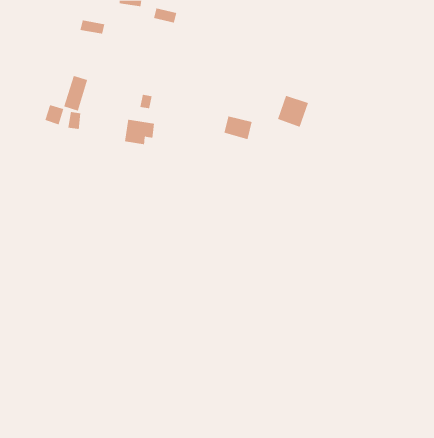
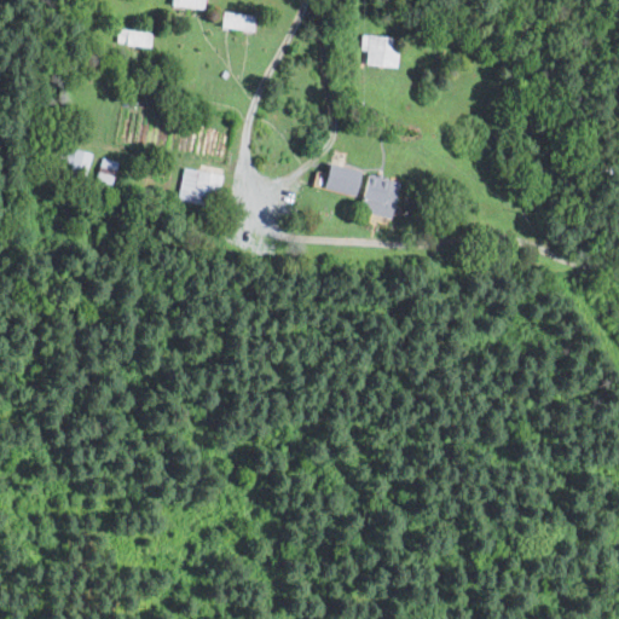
building: none -> [363,35,399,68]
building: [64,75,88,111] -> none
building: [277,95,309,128] -> [357,173,401,219]

